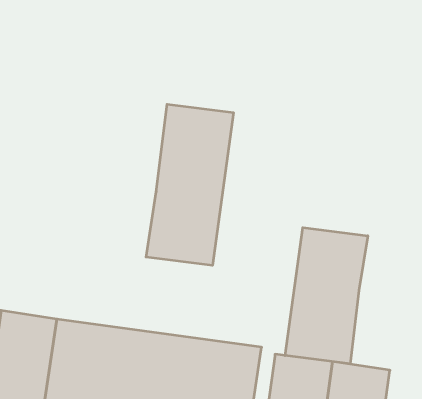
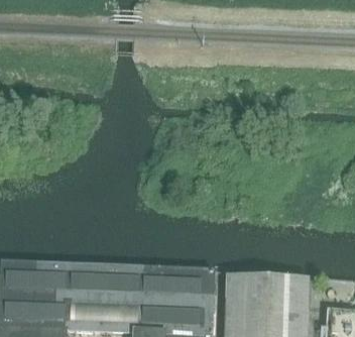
building: [146,104,233,265] -> none
building: [285,228,368,364] -> none

